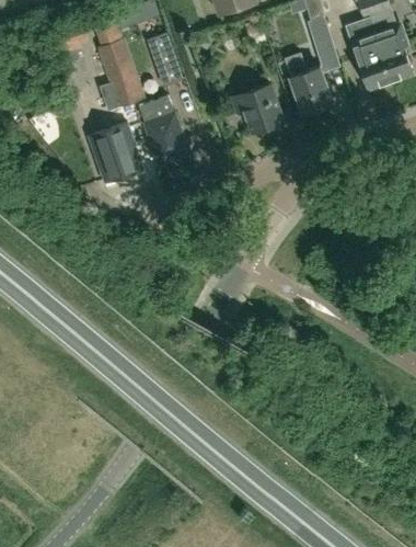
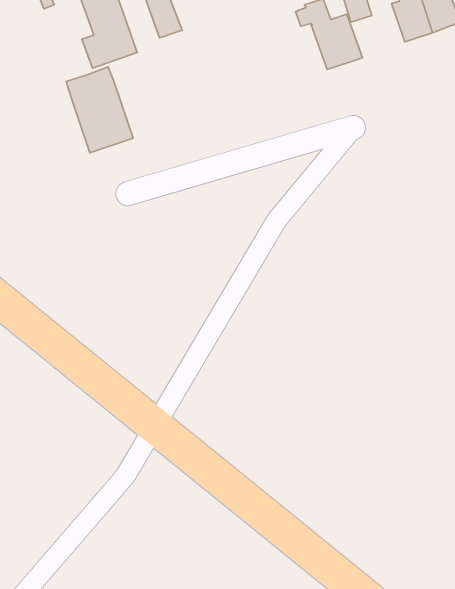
building: [232,84,281,129] -> none
building: [139,96,188,162] -> none

